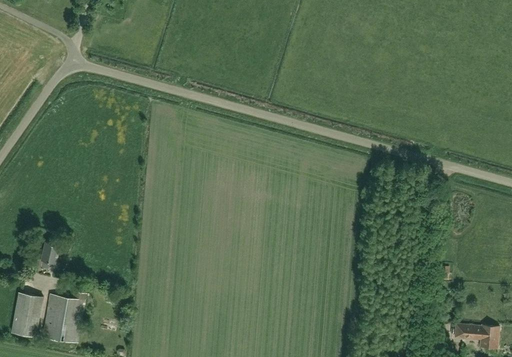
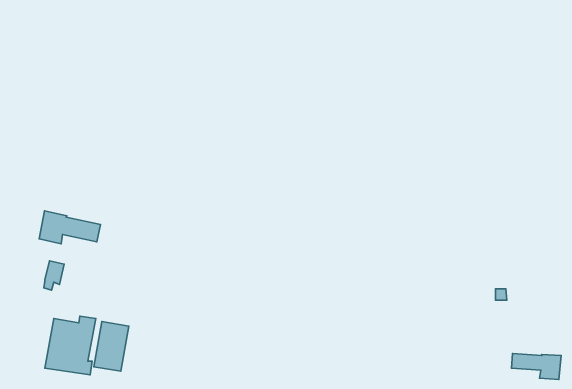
building: none -> [39,211,100,244]
building: [11,292,42,336] -> [94,322,129,371]

